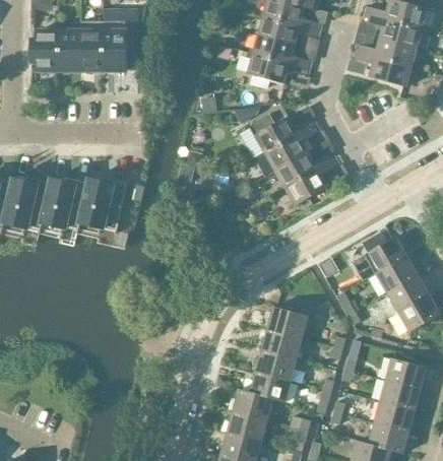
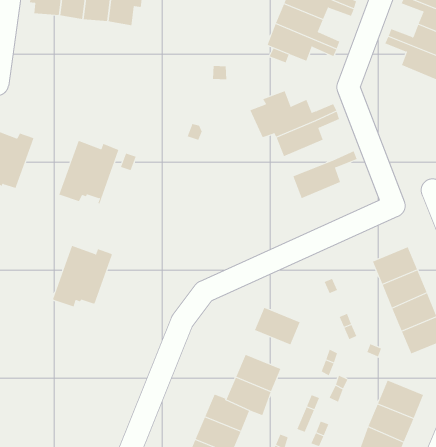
building: [274,151,336,187] -> none
building: [39,179,89,234] -> [50,245,114,310]
building: [262,328,302,359] -> none

